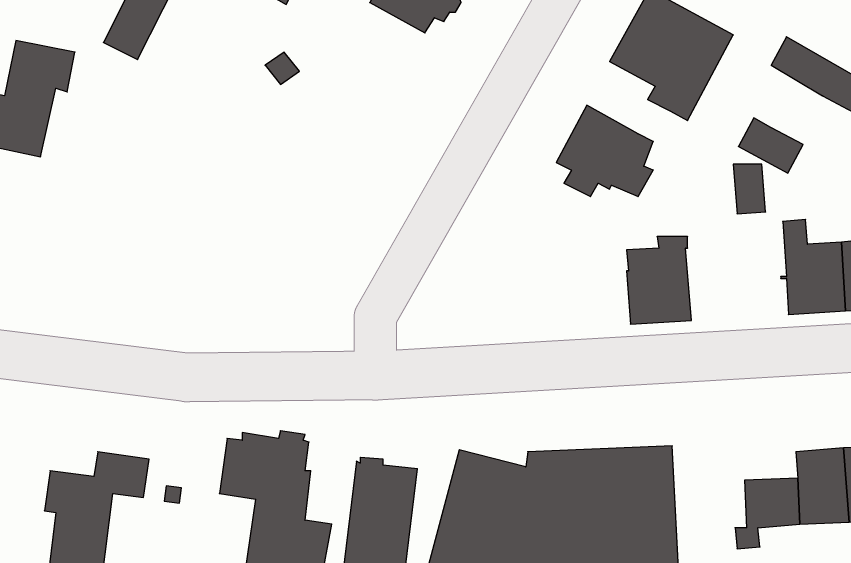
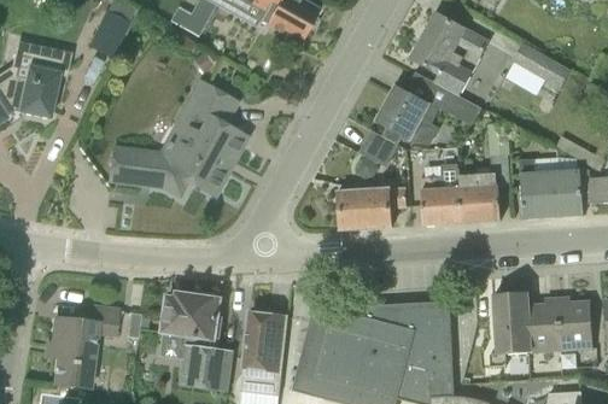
building: none -> [110,82,238,194]
building: [738,118,803,173] -> [439,89,480,124]
building: none -> [359,130,398,165]
building: none -> [458,174,501,222]
building: none -> [338,188,407,229]
building: none -> [493,292,530,323]

